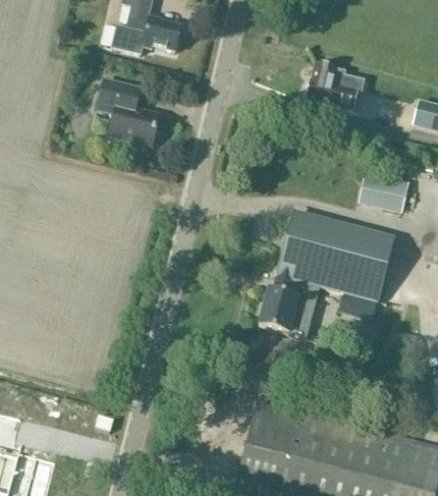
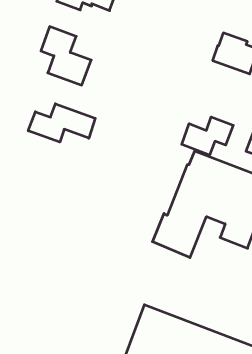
building: none -> [182,117,233,155]
building: none -> [28,104,95,142]

